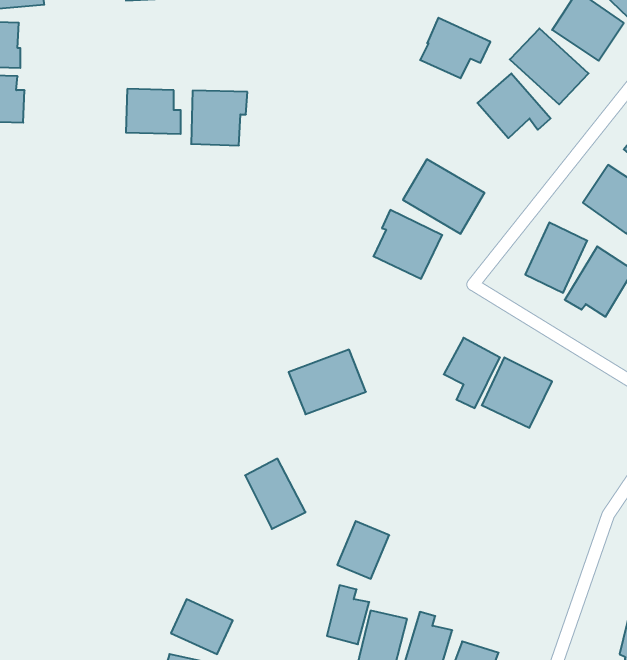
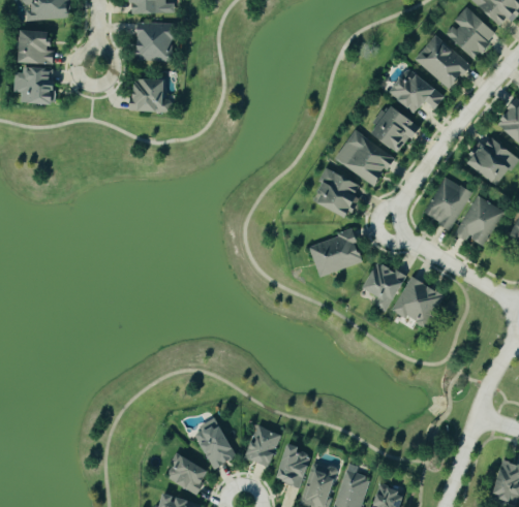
building: [420,18,490,78] -> [370,105,422,150]
building: [191,91,247,145] -> [135,22,177,62]
building: [289,350,366,414] -> [307,229,364,277]
building: [245,459,306,529] -> [192,418,237,470]
building: [337,521,389,579] -> [244,424,282,467]

